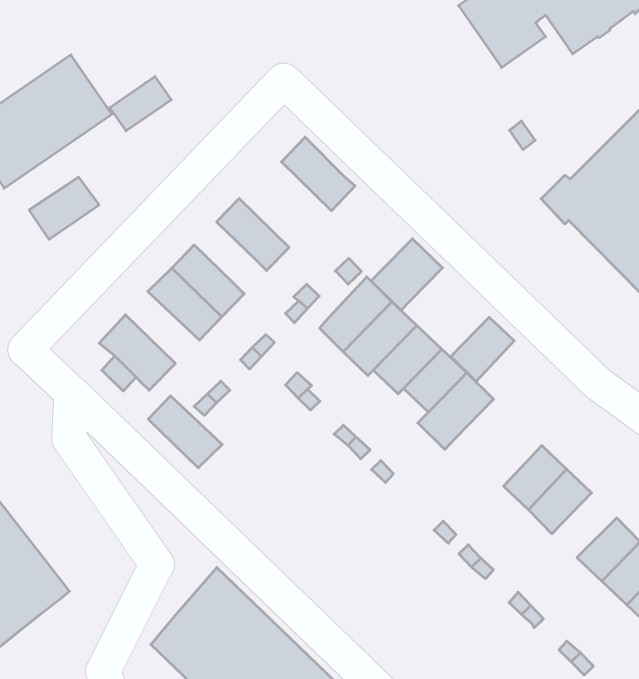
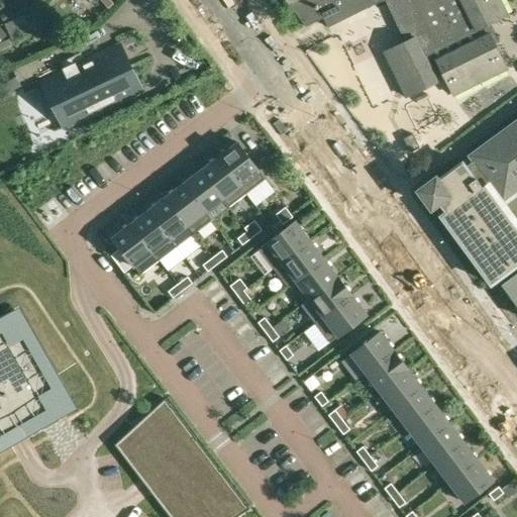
building: [110,76,171,131] -> none
building: [281,137,355,211] -> [218,143,265,195]
building: [29,177,99,239] -> none
building: none -> [184,171,223,213]
building: [371,239,443,310] -> none
building: [451,317,514,382] -> [350,333,394,375]
building: [148,396,222,468] -> [131,210,178,261]
building: none -> [392,388,436,429]

